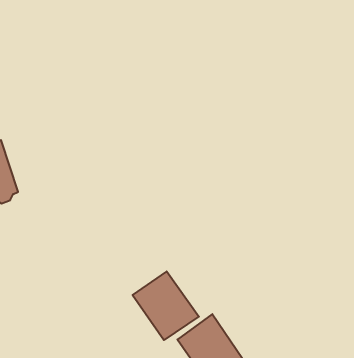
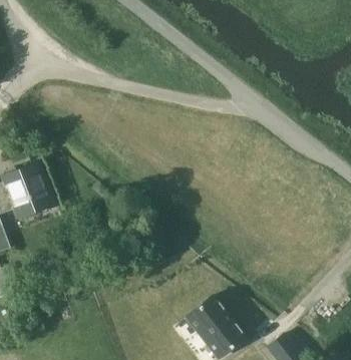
building: [133,271,199,340] -> none

